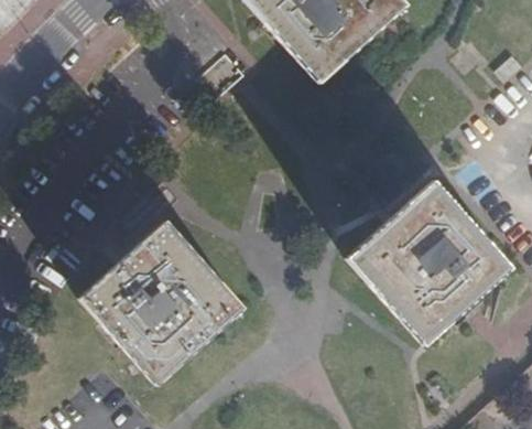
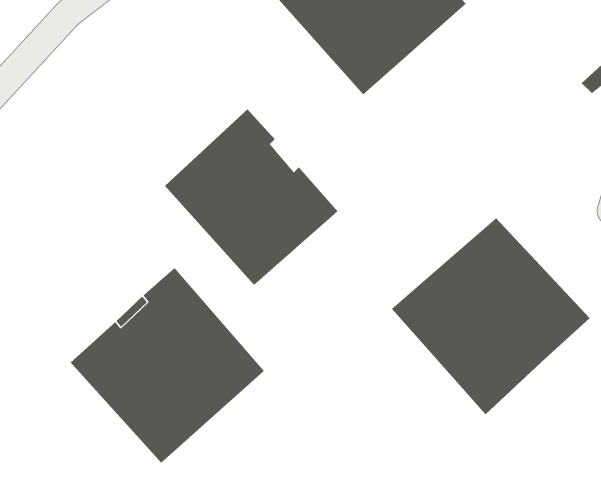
building: none -> [164,109,339,286]

